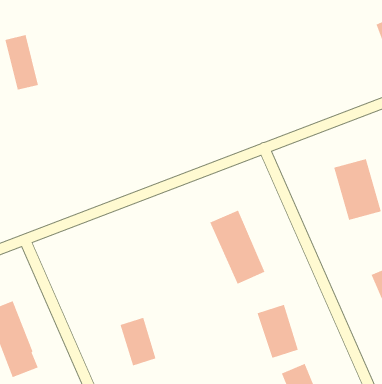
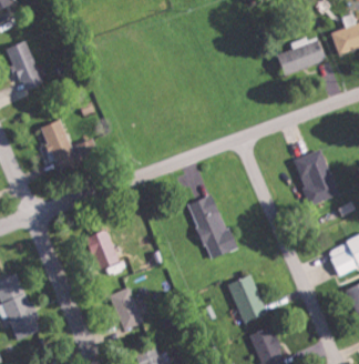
building: none -> [277,34,325,75]
building: none -> [42,120,99,172]
building: none -> [90,231,117,269]

